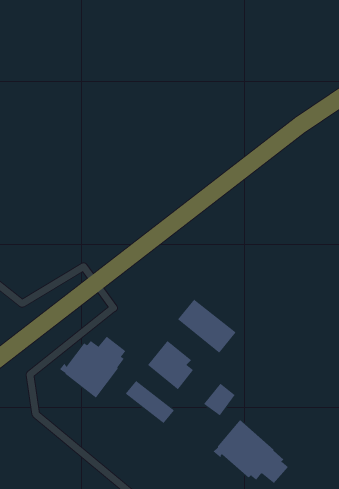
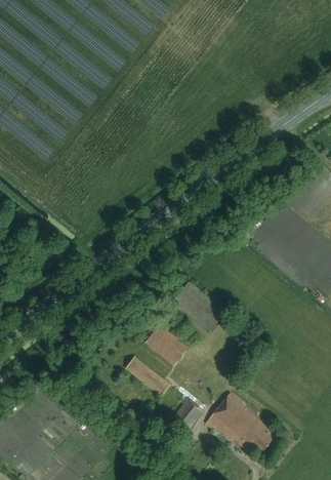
building: [59,336,126,398] -> none
building: [203,383,236,416] -> [172,399,202,430]

